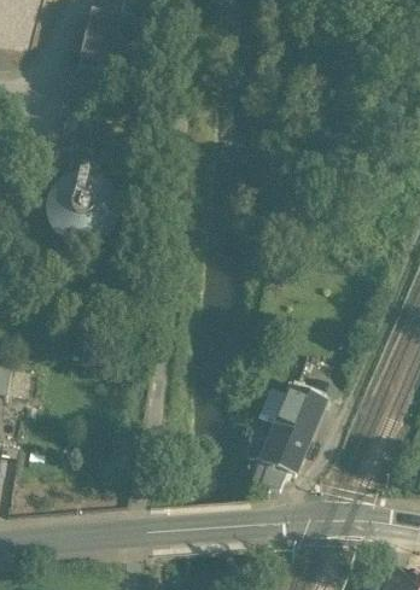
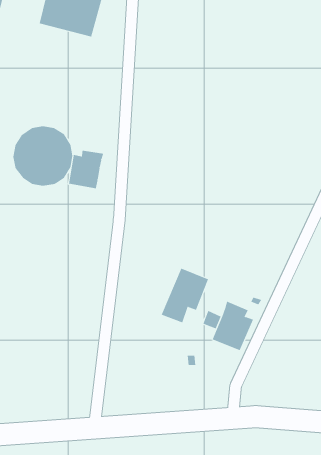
building: none -> [69,150,104,189]
building: [255,421,310,485] -> [161,268,209,323]

